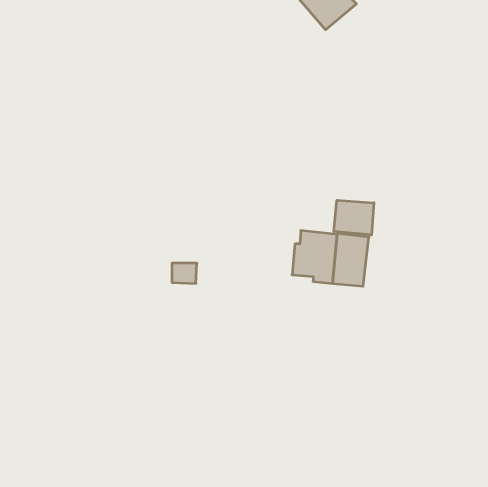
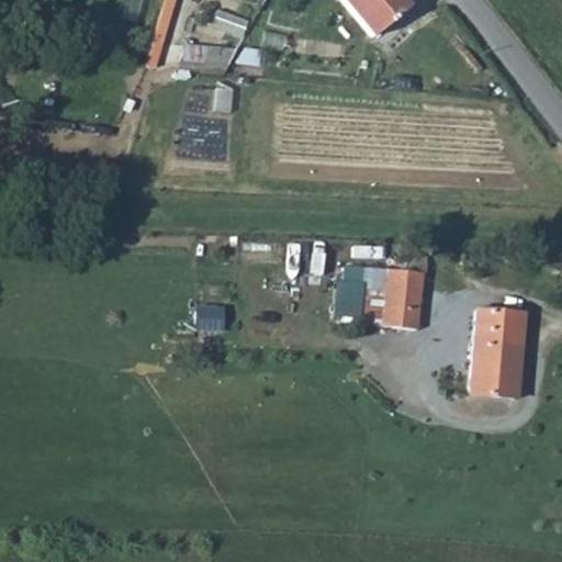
building: [334,200,374,235] -> none
building: none -> [471,307,526,396]

